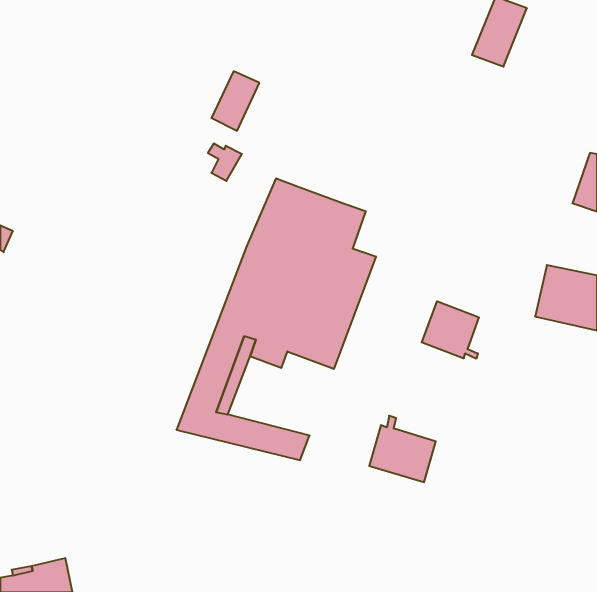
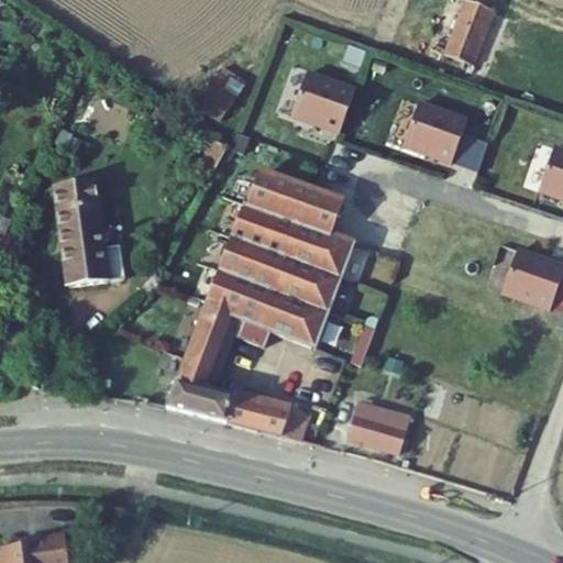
building: none -> [290,68,357,135]
building: none -> [402,99,489,173]
building: none -> [55,179,123,285]
building: [422,301,479,359] -> none

